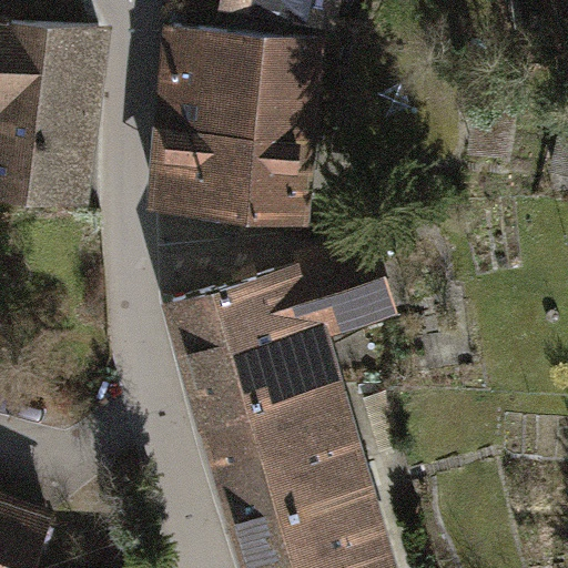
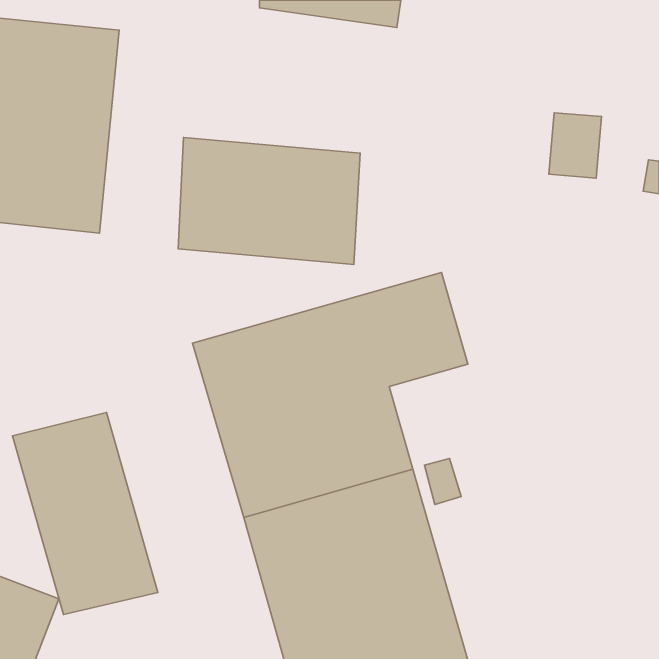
building: [155,29,323,139] -> none
building: none -> [12,413,158,614]

